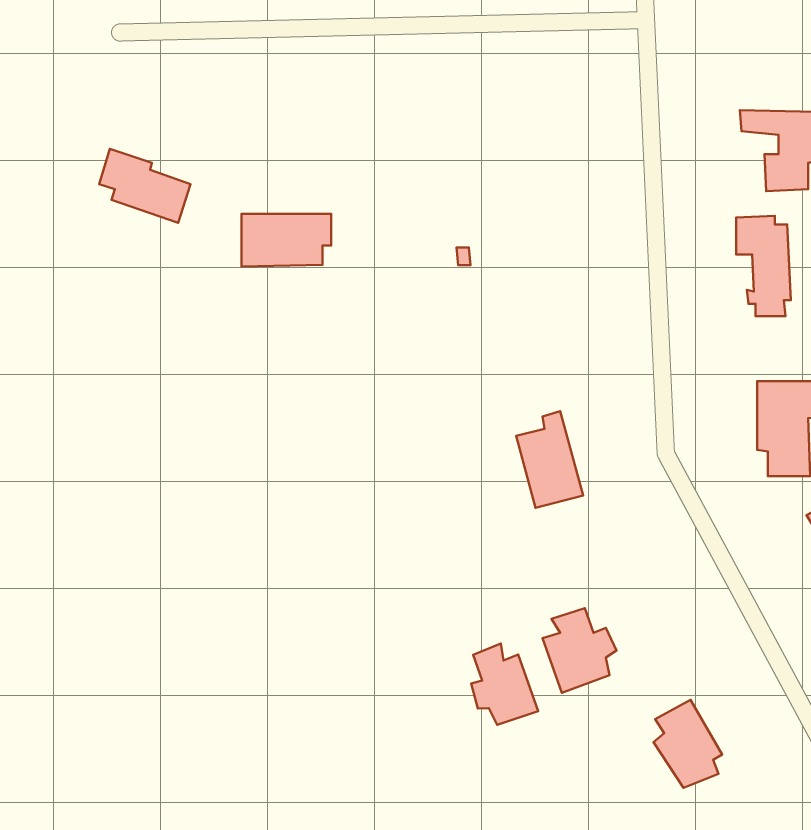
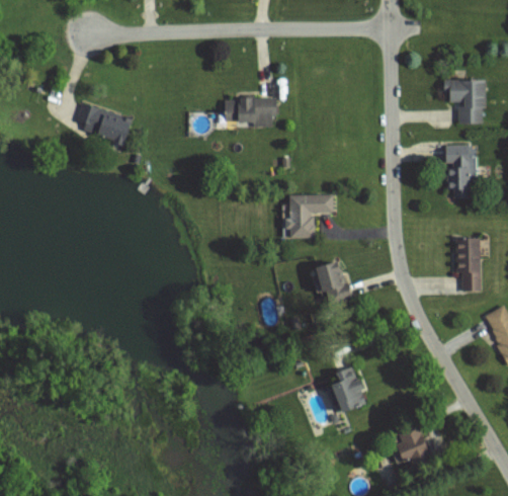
building: [241,214,331,266] -> [225,99,276,130]
building: none -> [277,193,332,240]
building: [471,644,538,725] -> none

